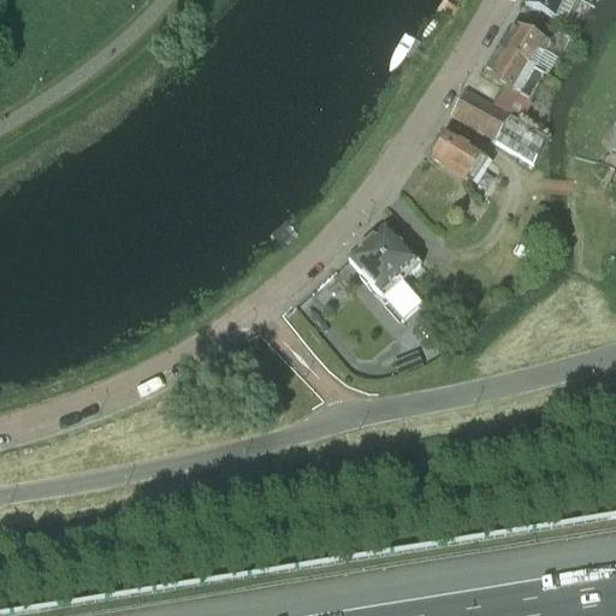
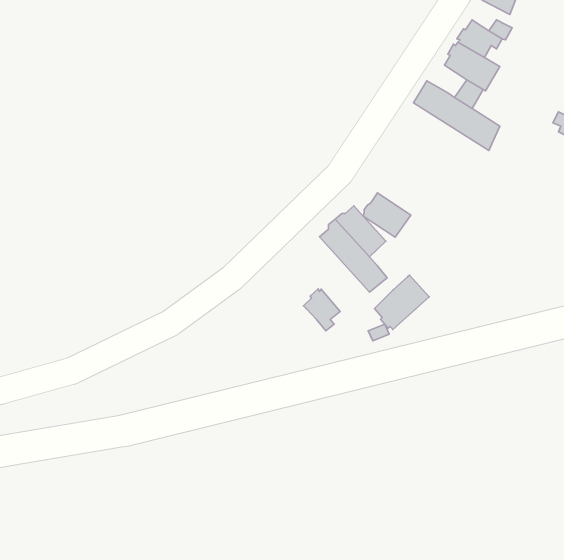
building: [432,130,484,178] -> [363,193,411,237]
building: none -> [375,275,429,329]
building: none -> [303,289,340,331]

